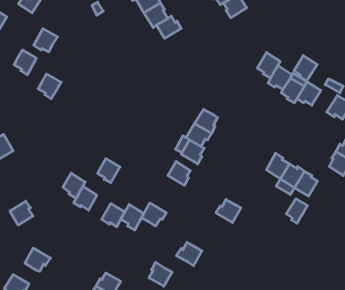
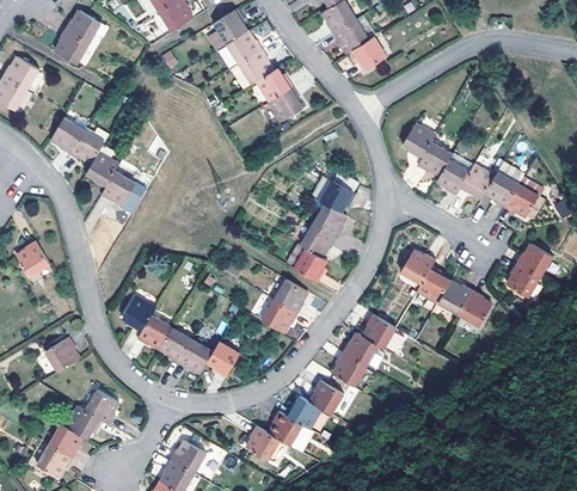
building: none -> [268,86,301,121]
building: [34,29,58,52] -> [69,129,104,162]
building: [294,55,317,81] -> [484,170,517,207]
building: none -> [100,170,135,203]
building: none -> [318,179,354,211]
building: none -> [398,251,432,284]
building: [98,159,120,183] -> [158,327,190,362]
building: none -> [362,314,394,349]
building: [286,199,308,223] -> none
building: [142,203,166,226] -> [260,299,296,332]
building: none -> [332,352,366,387]
building: none -> [311,380,344,415]
building: none -> [85,387,118,422]
building: none -> [268,410,302,446]
building: none -> [49,422,81,455]

